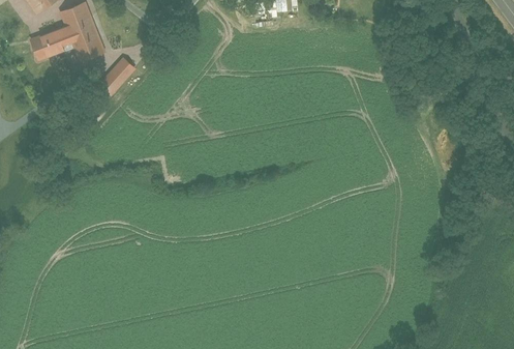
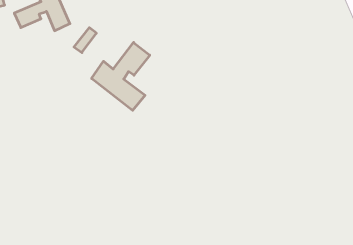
building: none -> [92,42,150,110]

